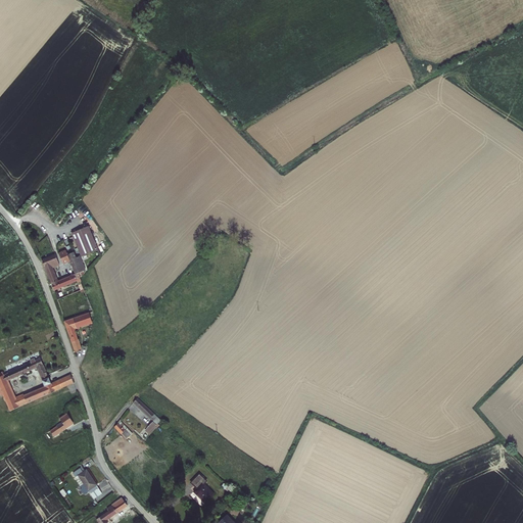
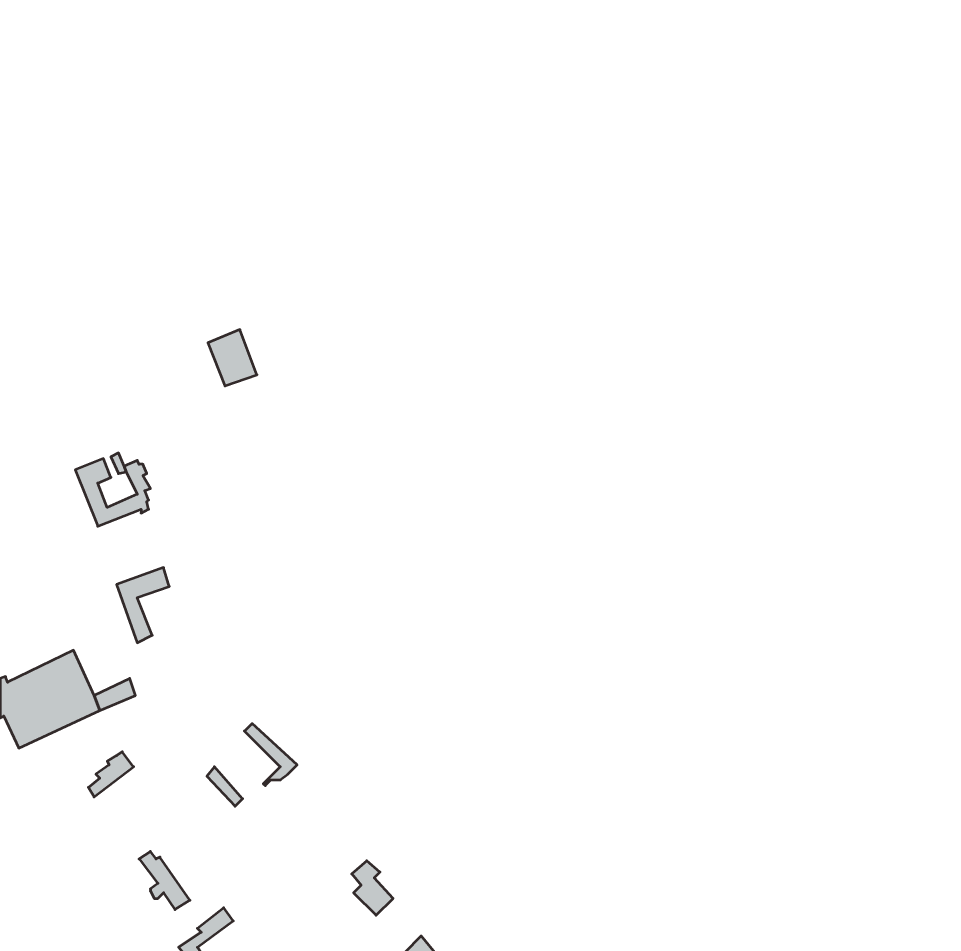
building: [70,227,97,257] -> [208,330,257,386]

